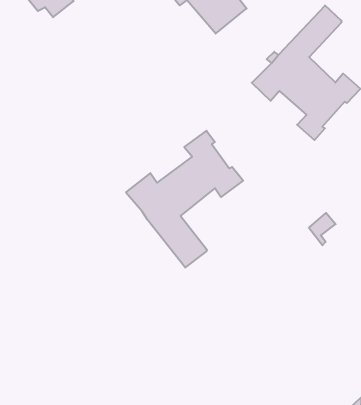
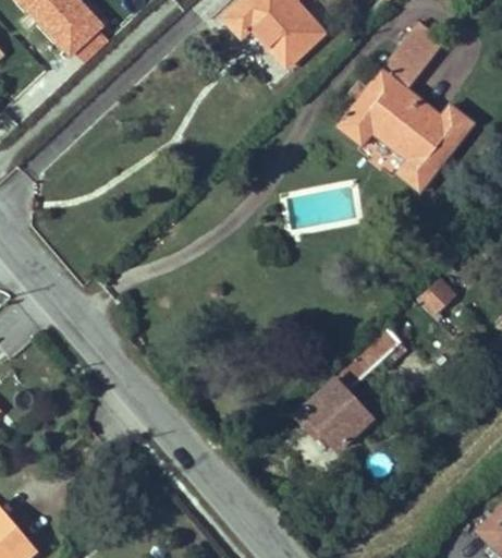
building: [126,131,243,268] -> none
building: none -> [296,330,405,448]

